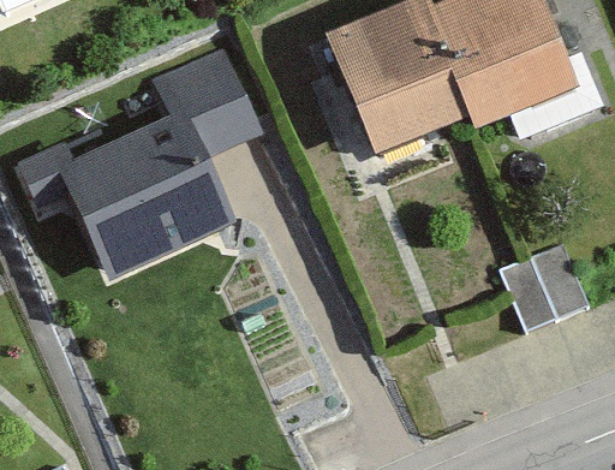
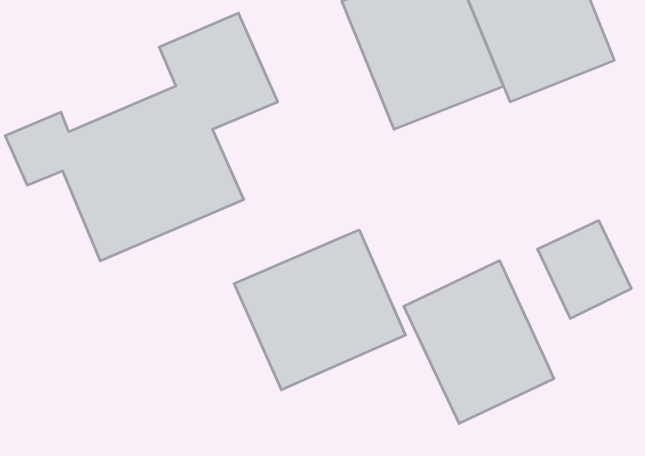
building: none -> [234,230,406,390]
building: none -> [404,261,554,424]

